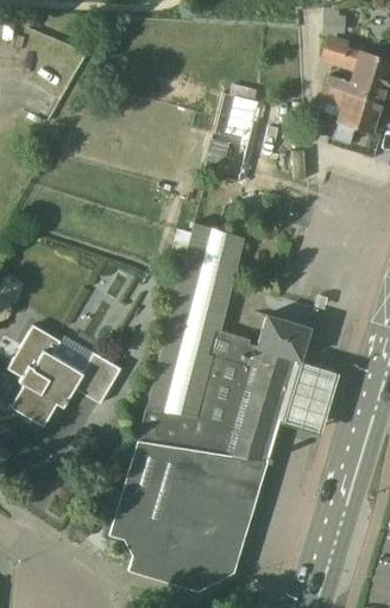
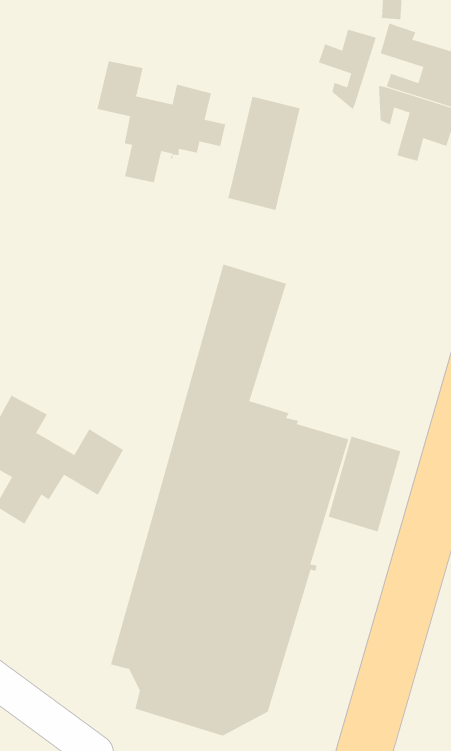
building: none -> [318,29,376,110]
building: none -> [97,61,226,183]
building: [257,315,310,361] -> none

